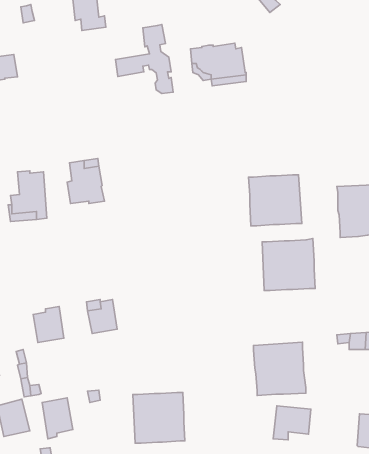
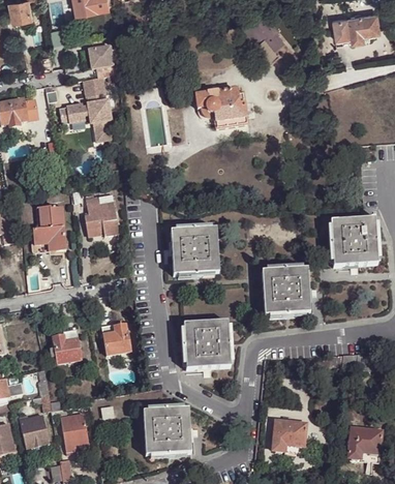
building: [116,24,173,93] -> [59,77,112,140]
building: [249,175,302,226] -> [171,229,219,275]
building: [254,342,306,395] -> [183,321,231,369]

